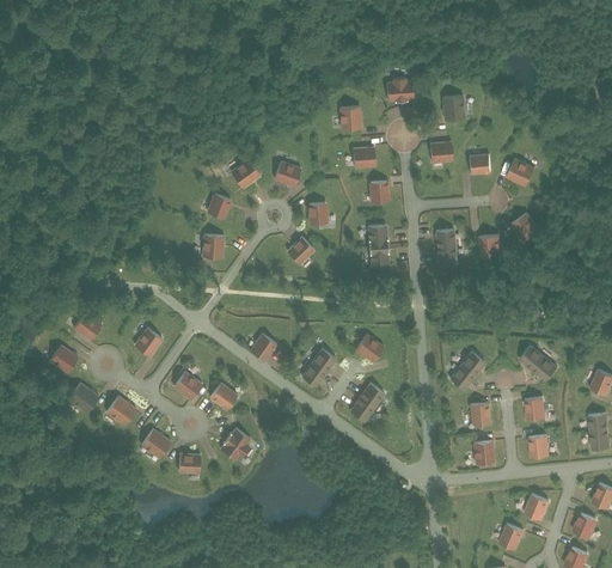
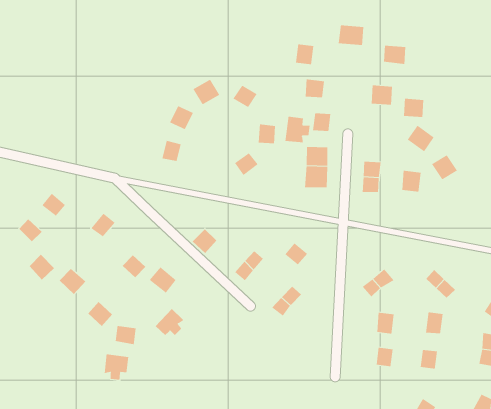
building: [506,160,537,190] -> [407,125,435,152]
building: none -> [285,116,310,143]
building: none -> [104,354,129,380]

